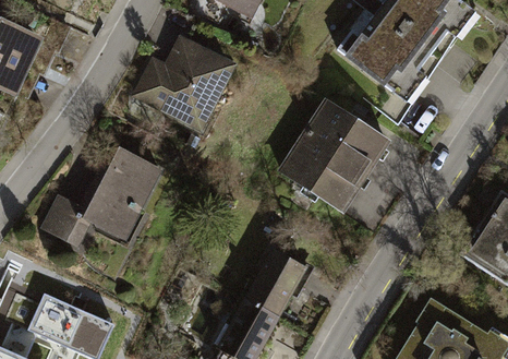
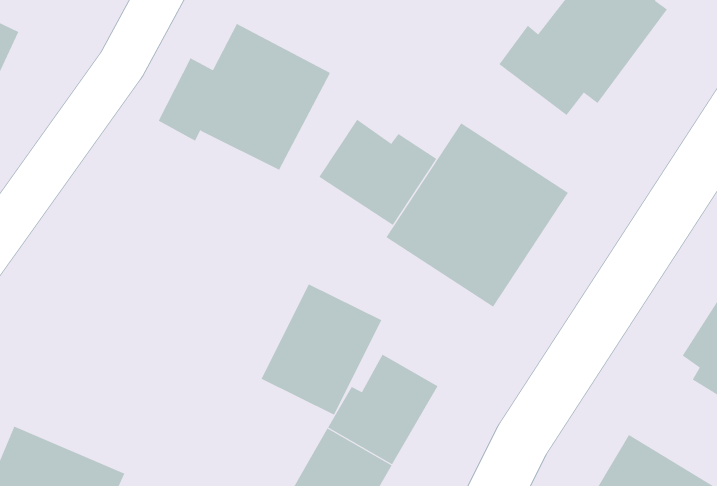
building: none -> [318,119,437,226]
building: [37,147,169,250] -> none
building: none -> [261,284,382,415]

